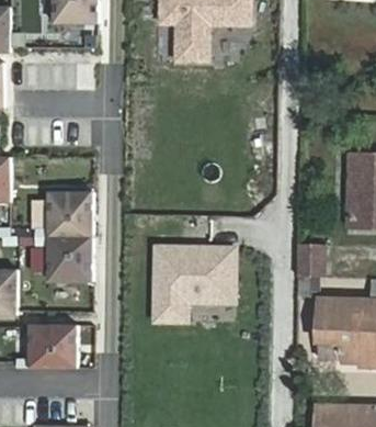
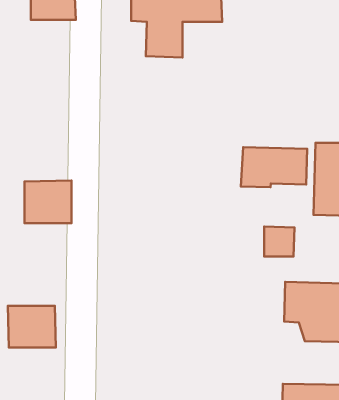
building: none -> [241,147,307,187]
building: [44,237,93,282] -> none
building: [150,244,236,323] -> none

